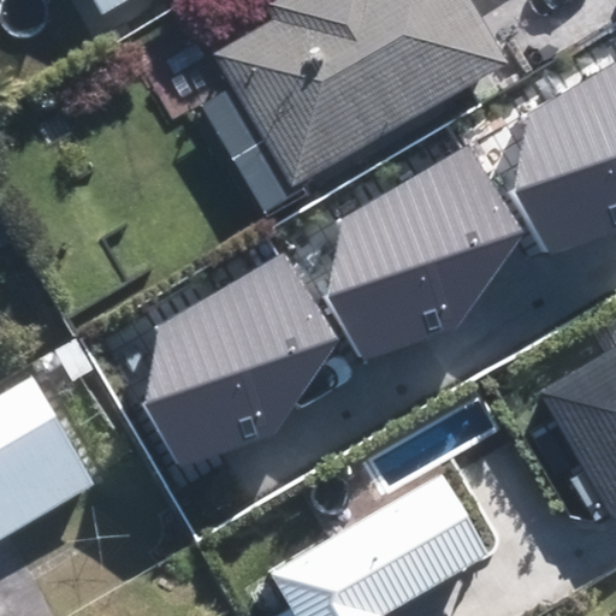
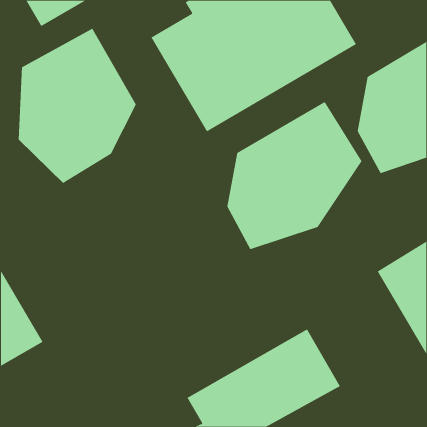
building: none -> [18,28,137,184]
building: [142,253,338,466] -> none

